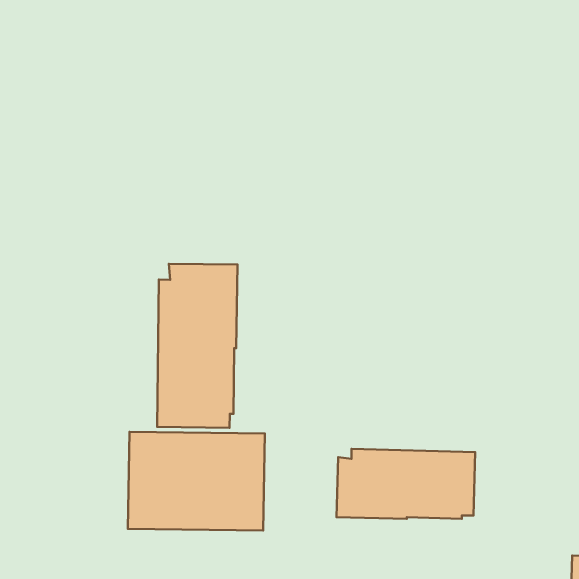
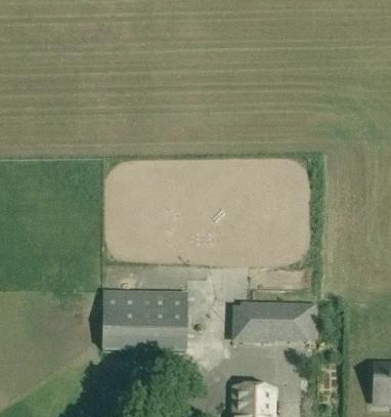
building: [157,264,237,428] -> none

